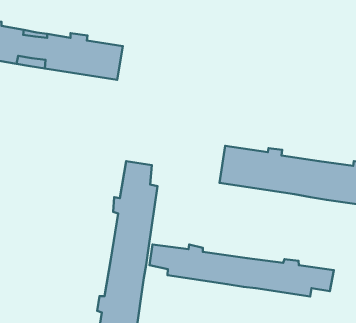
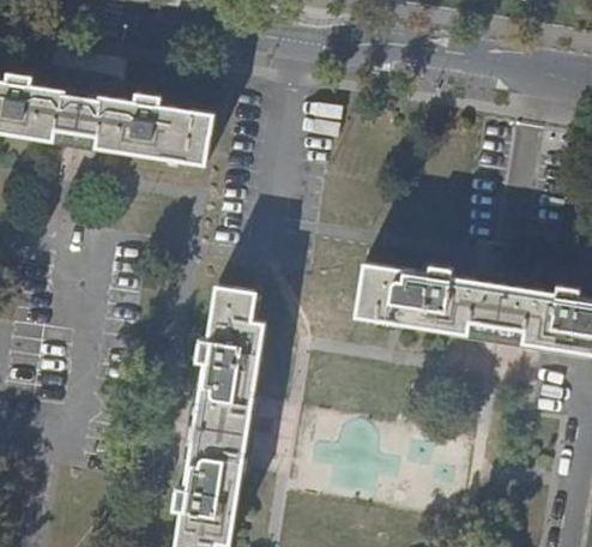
building: [150,245,334,297] -> none

